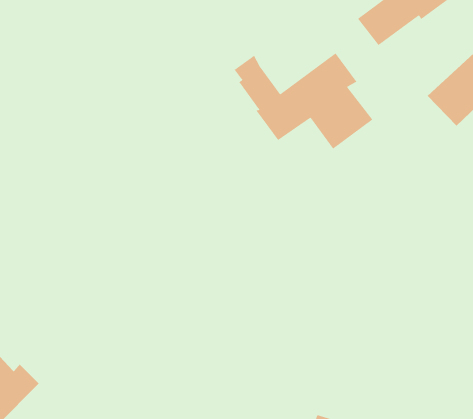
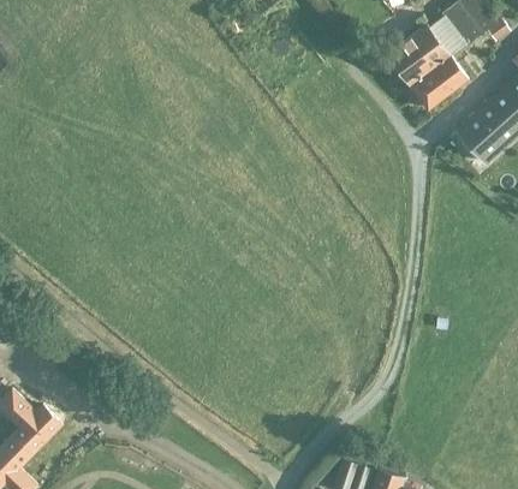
building: none -> [406,53,466,112]
building: [234,53,373,149] -> none

